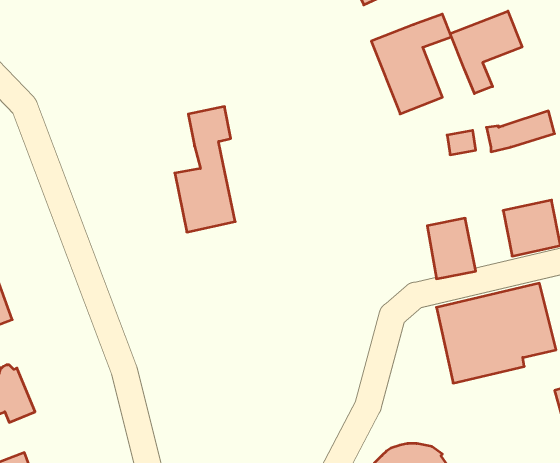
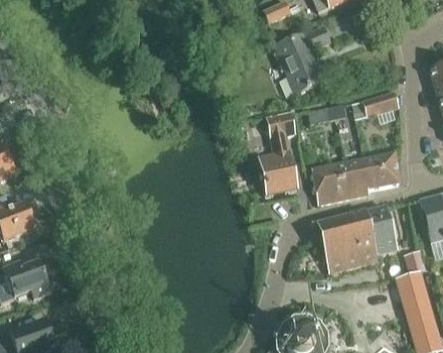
building: [450,11,522,94] -> none
building: [175,107,235,232] -> [257,110,297,194]
building: none -> [337,156,370,197]

